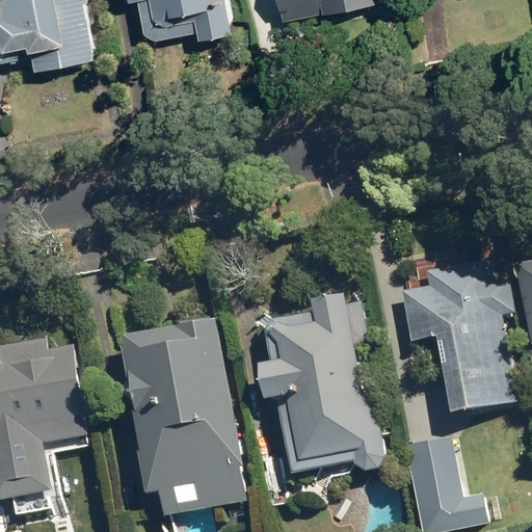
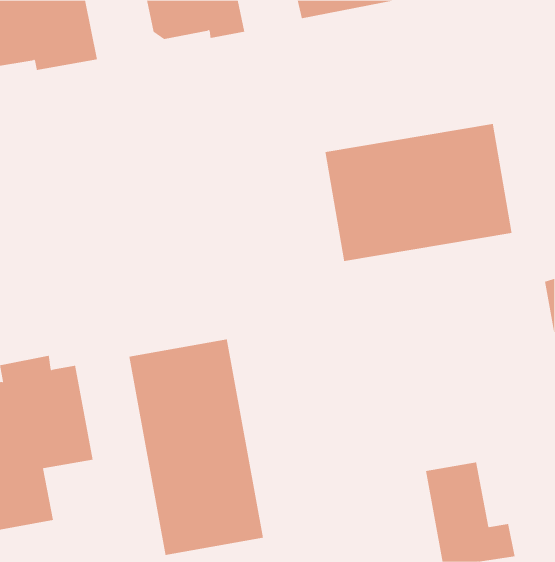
building: none -> [325,123,512,262]
building: [400,259,518,415] -> none
building: [258,295,387,473] -> none

